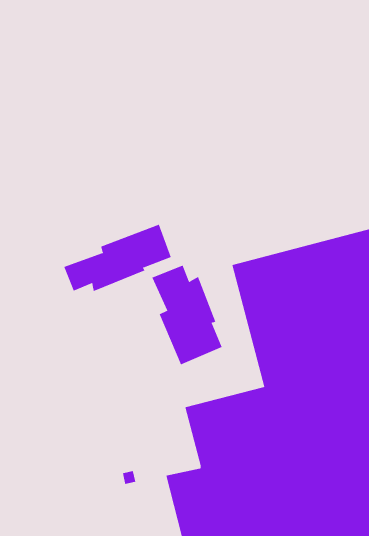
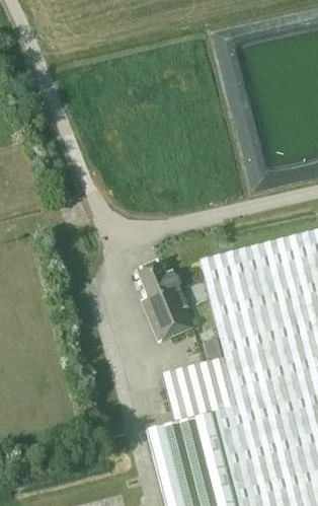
building: [63,224,171,292] -> none

